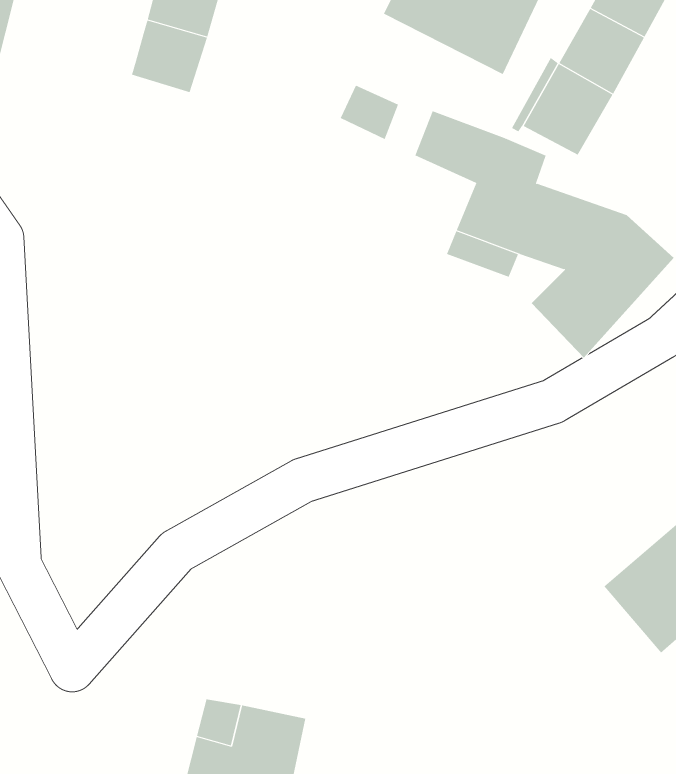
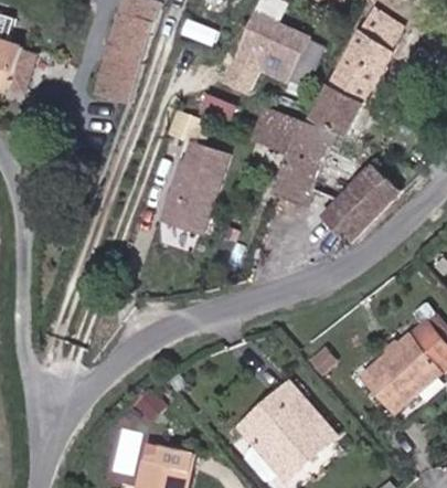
building: none -> [161,137,231,231]
building: none -> [245,391,331,477]

